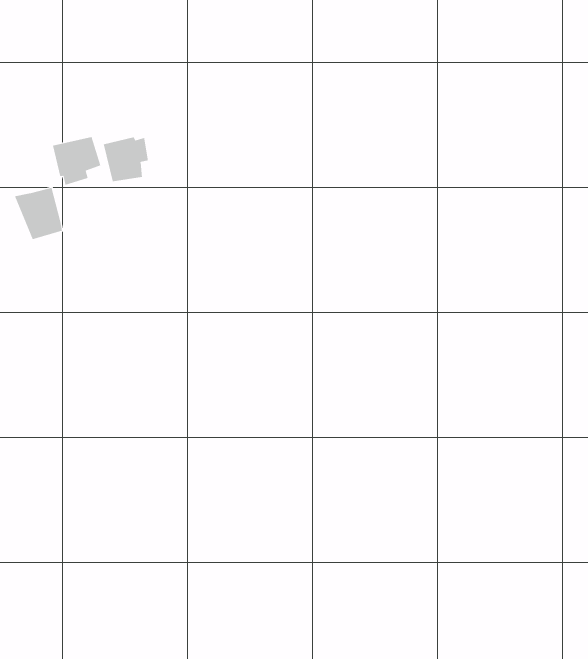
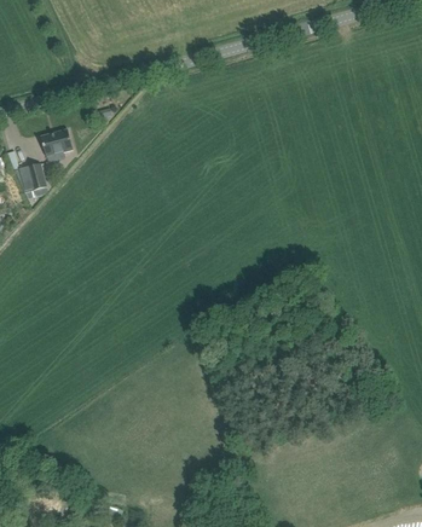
building: [103,137,148,182] -> none

